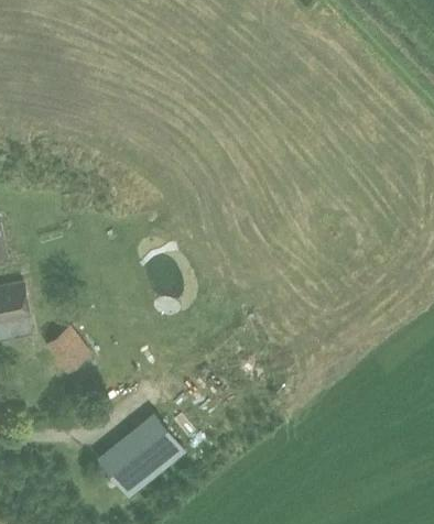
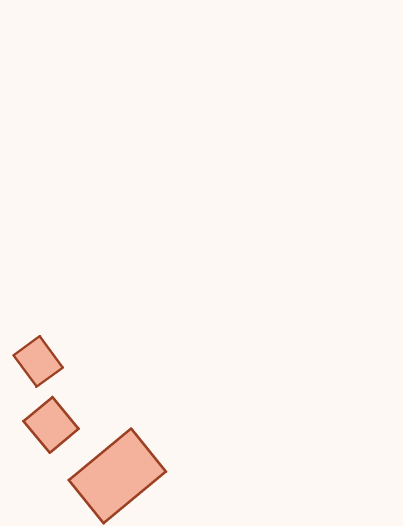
building: none -> [23,397,79,453]

